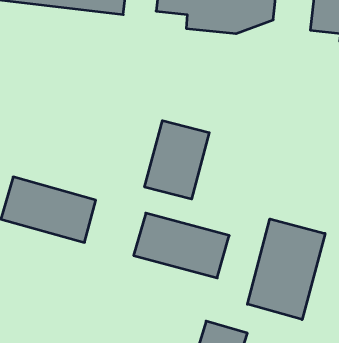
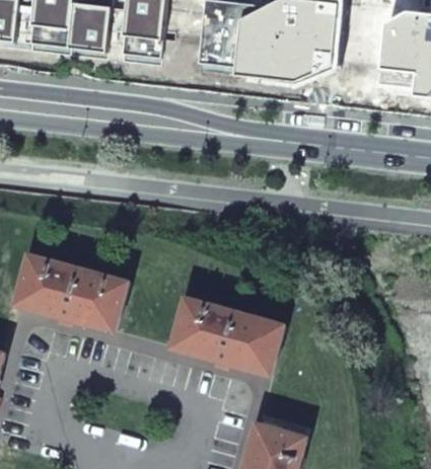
building: [145,121,209,199] -> none
building: [247,219,325,320] -> none

